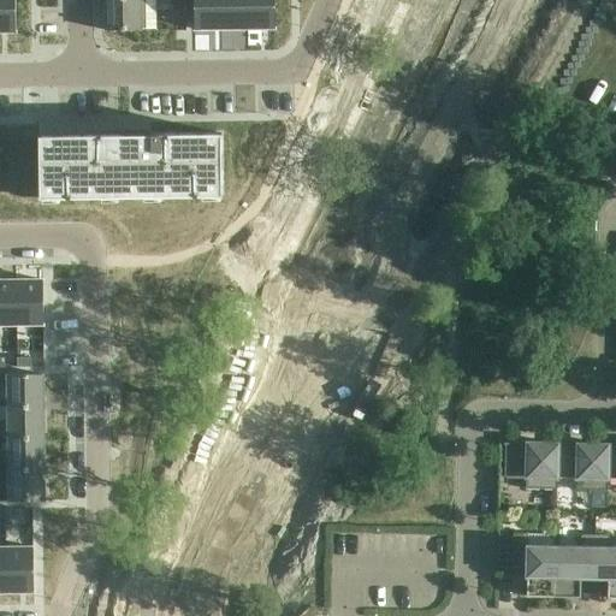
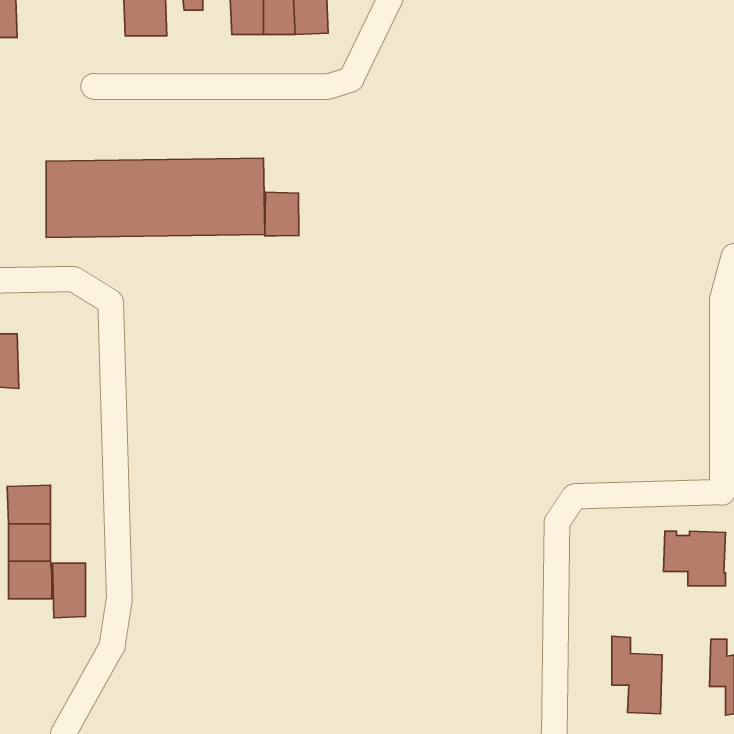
building: none -> [265,192,299,236]
building: [14,279,42,325] -> none
building: [6,374,42,407] -> none
building: [503,443,556,488] -> none
building: [552,534,594,597] -> none
building: [5,546,32,592] -> [52,563,86,618]

